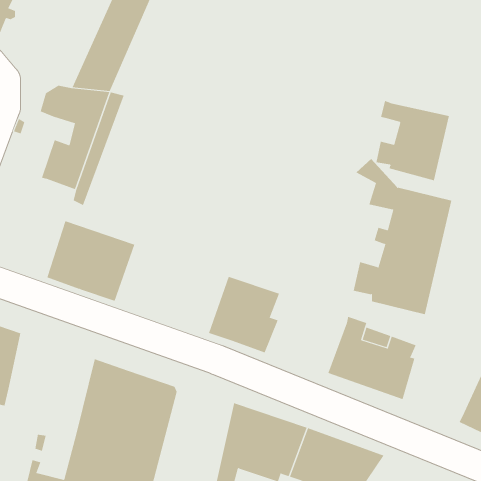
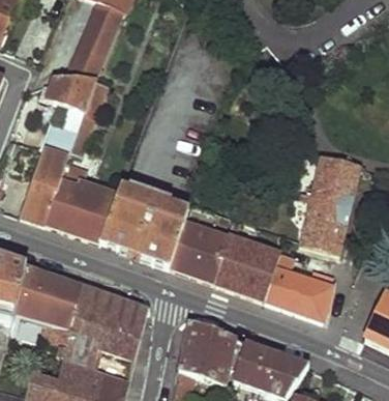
building: [376,100,450,181] -> none
building: none -> [21,147,67,224]
building: none -> [98,189,189,267]
building: none -> [215,236,279,298]
building: none -> [16,267,82,346]

